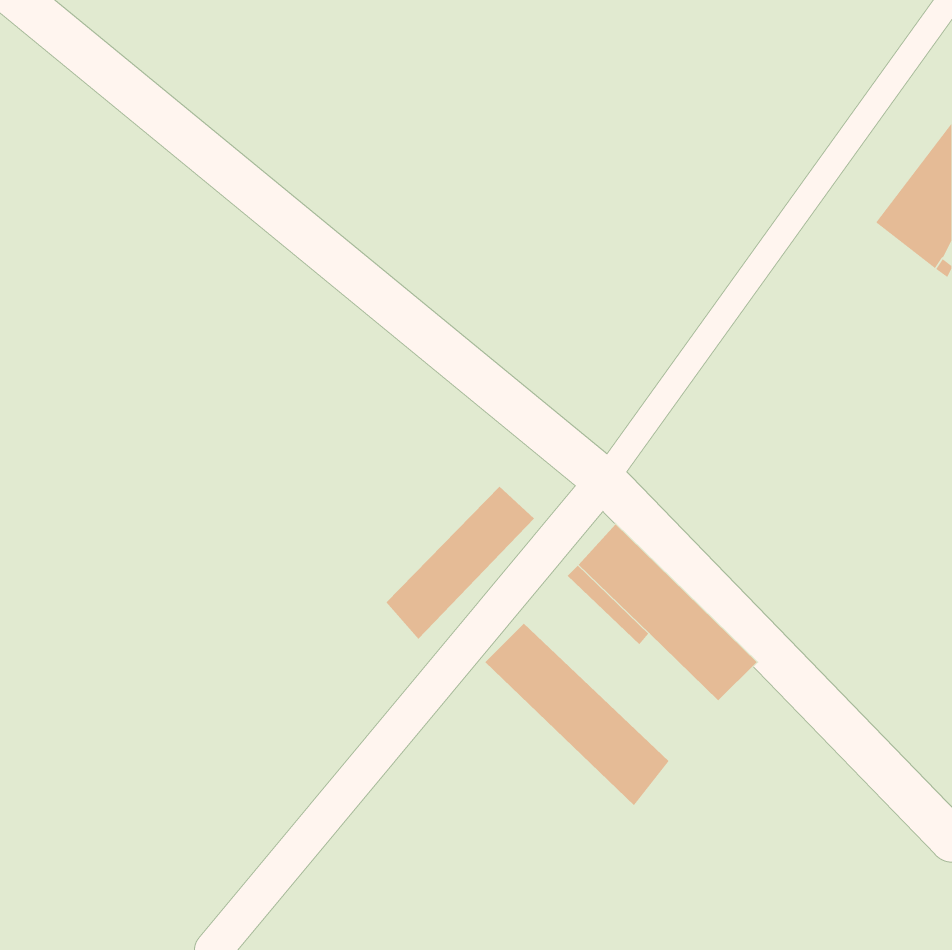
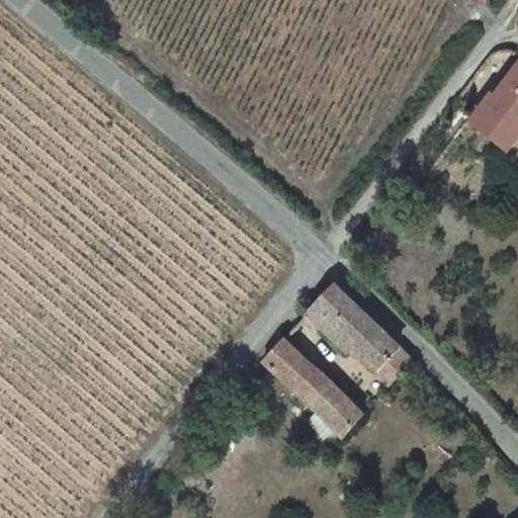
building: [386,486,535,640] -> none

